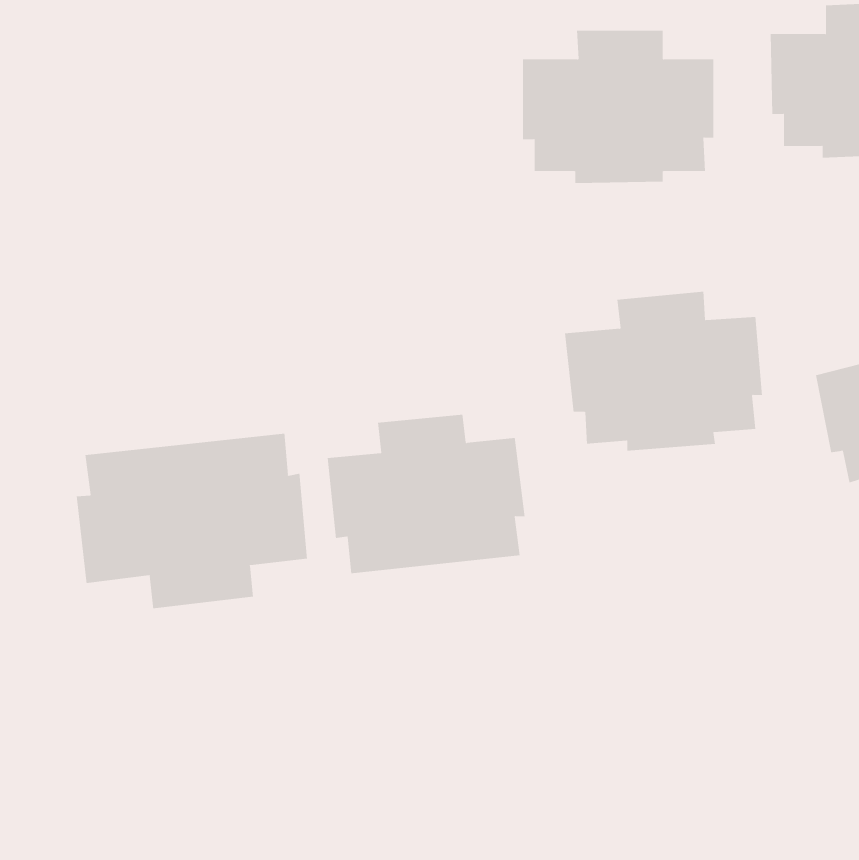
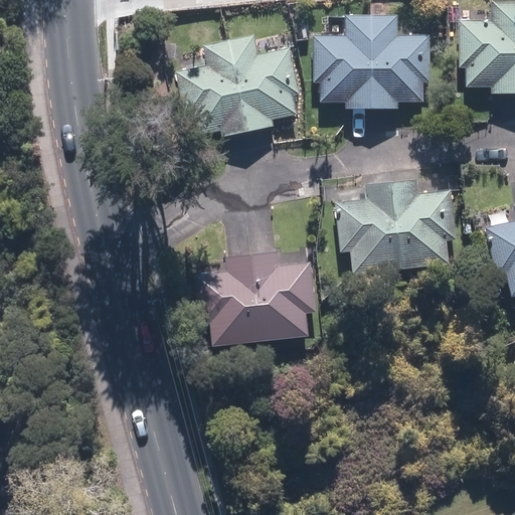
building: none -> [179,36,301,138]
building: [76,433,308,609] -> none

